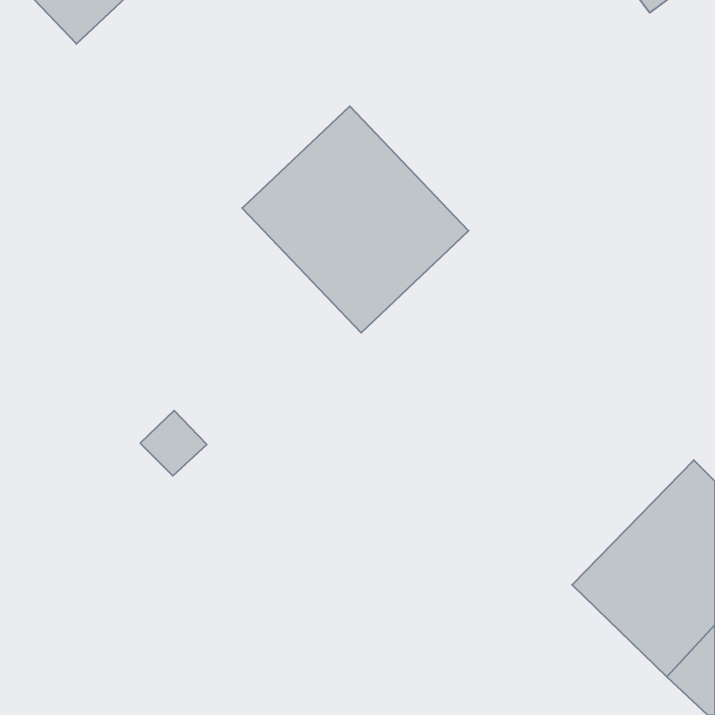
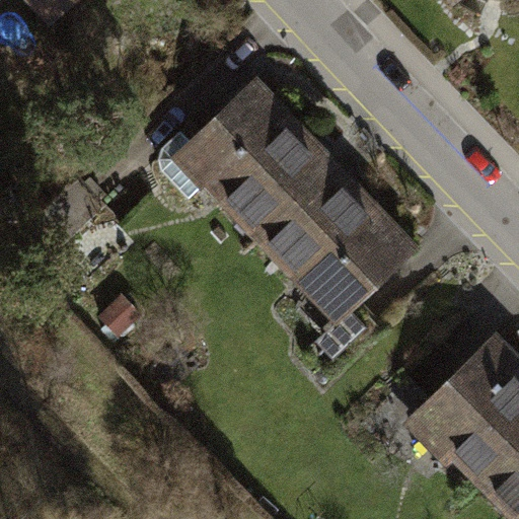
building: none -> [258,165,421,327]

